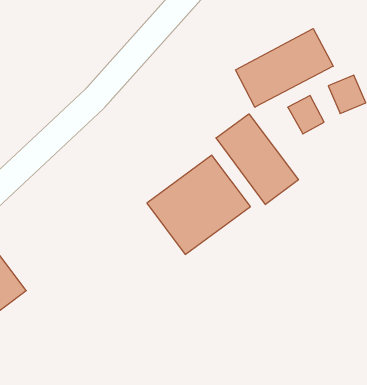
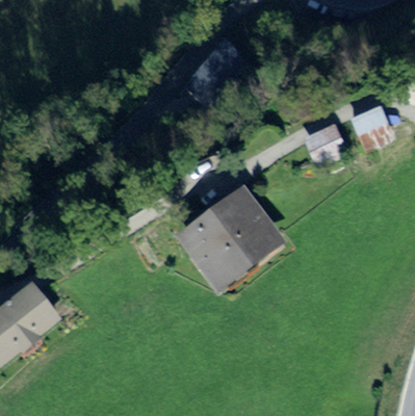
building: [236,29,333,107] -> none
building: [216,114,298,205] -> none

